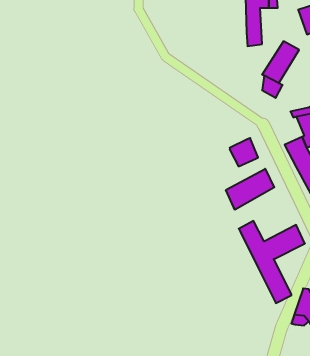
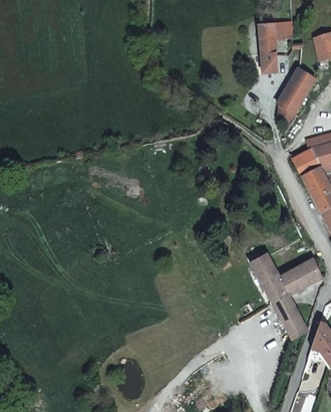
building: [230,138,258,166] -> [291,146,320,175]
building: [226,169,274,210] -> none

